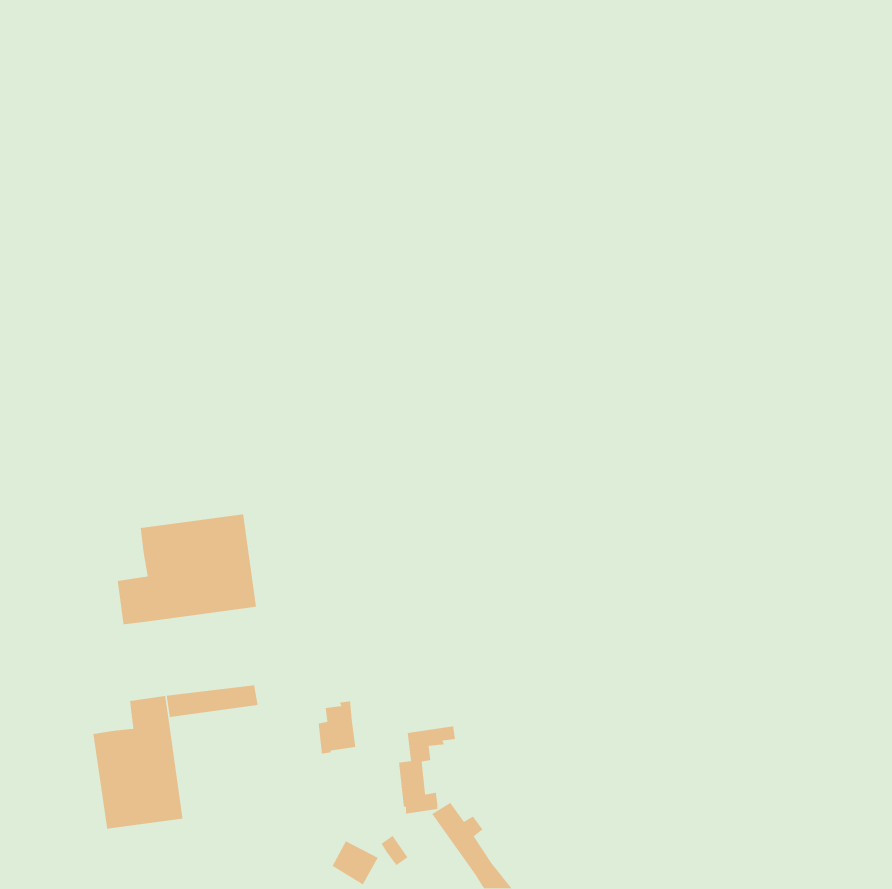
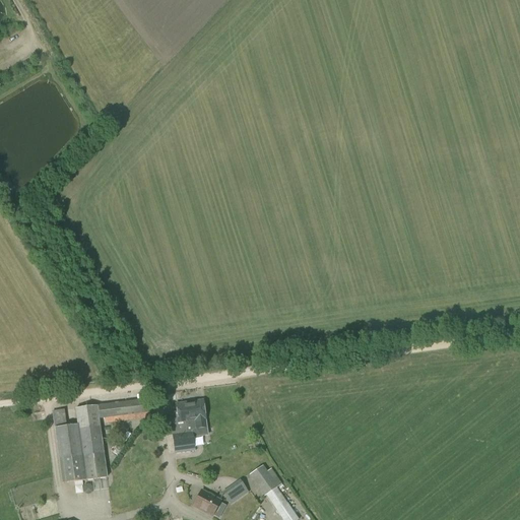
building: [117,514,257,625] -> none
building: [398,726,456,815] -> [171,399,204,451]

